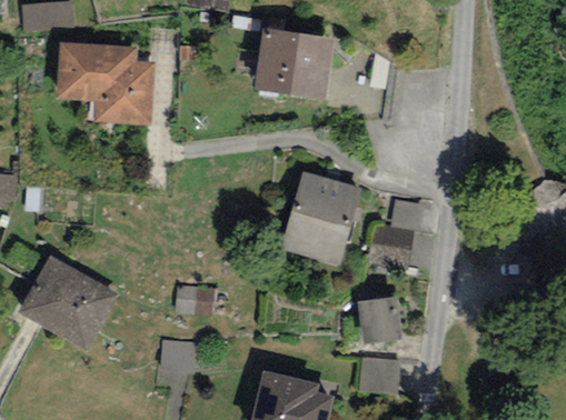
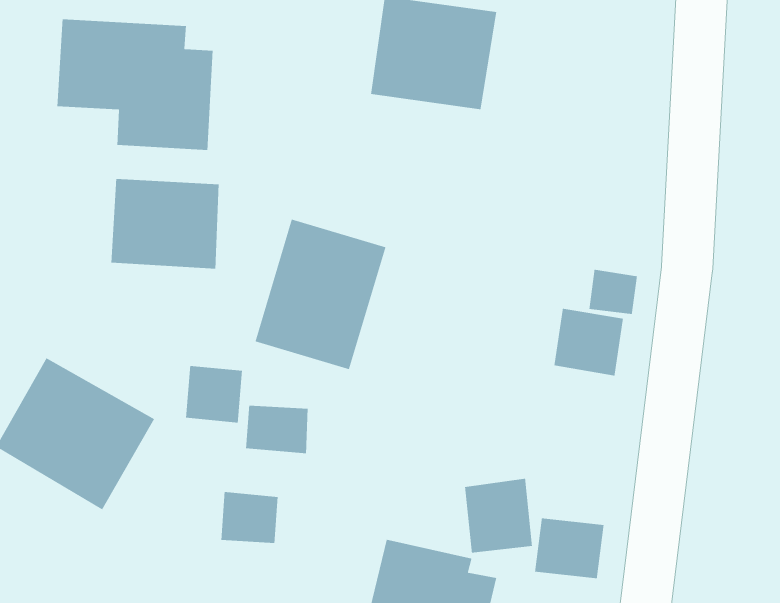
building: none -> [111,178,219,269]
building: [279,171,363,267] -> [254,219,386,370]
building: none -> [185,365,243,423]
building: [357,296,400,343] -> [464,478,533,554]

